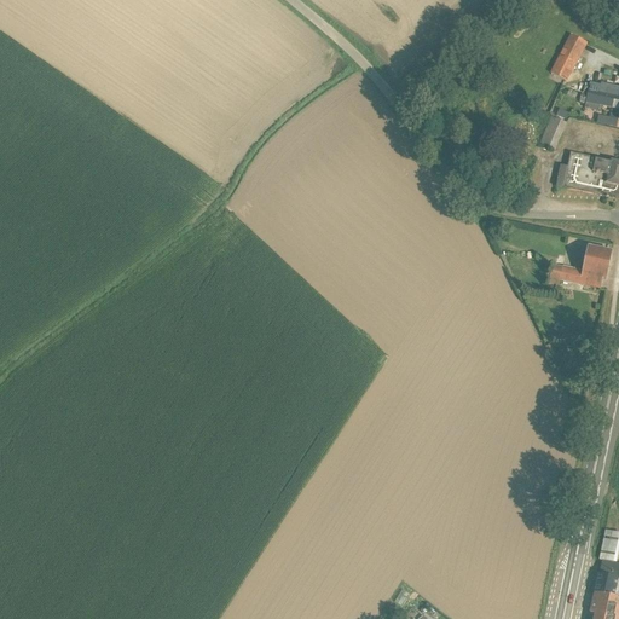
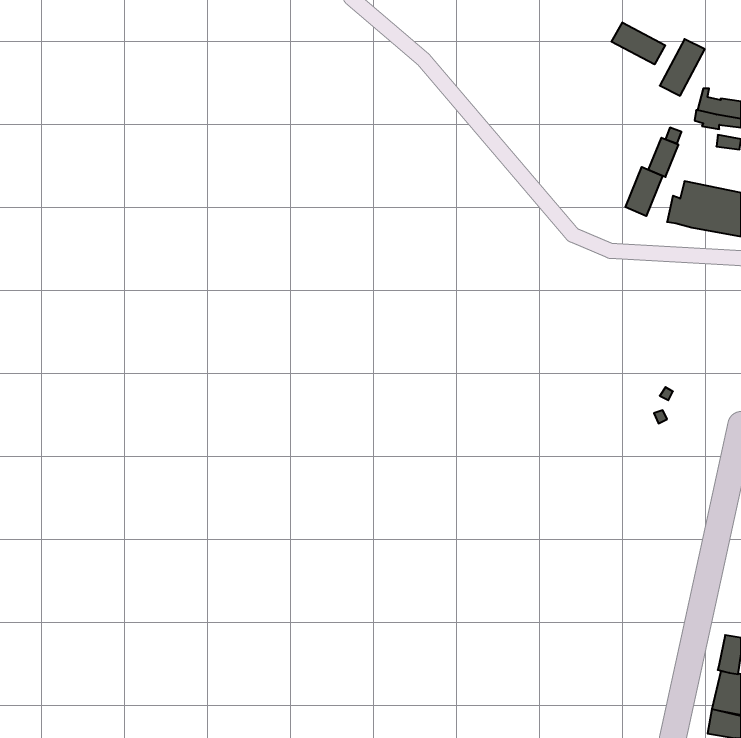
building: none -> [611,22,665,64]
building: none -> [625,167,663,216]
building: [549,243,612,287] -> none

